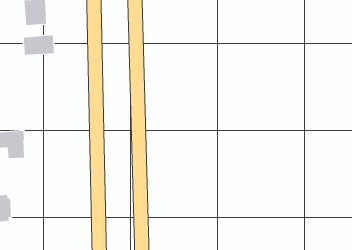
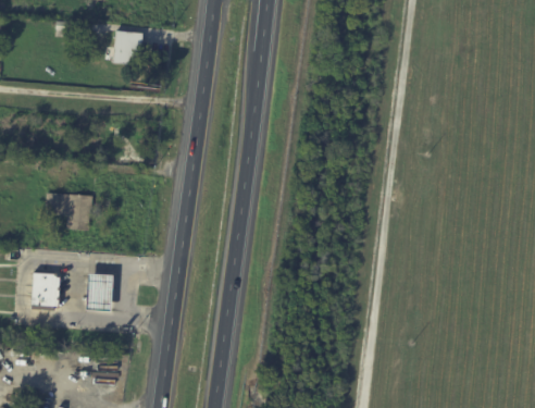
building: [23,35,54,56] -> none
building: none -> [86,272,113,310]

